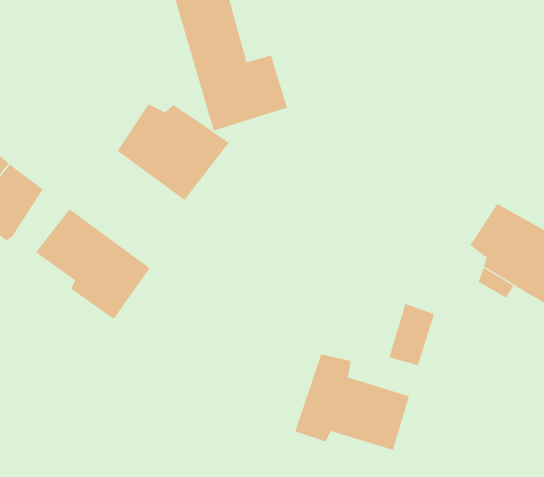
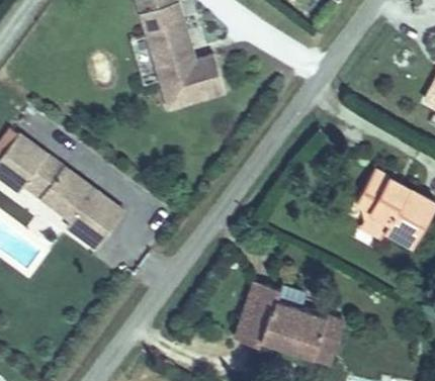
building: [117,103,229,201] -> none
building: none -> [20,157,62,203]
building: [389,303,435,366] -> [303,310,338,357]

